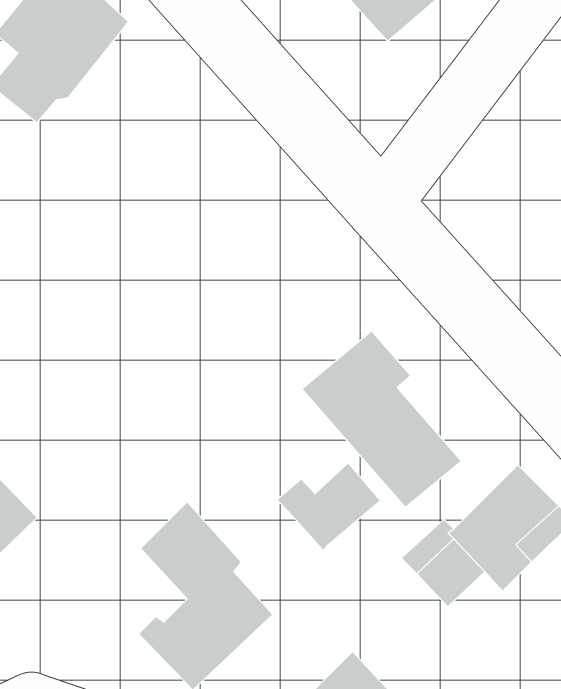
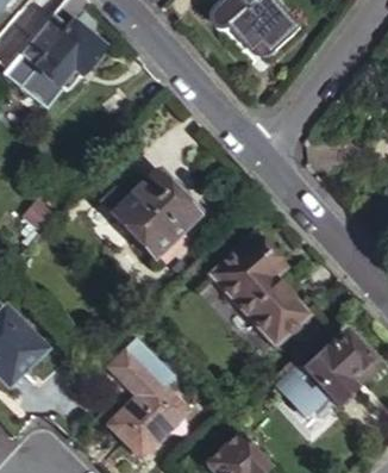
building: none -> [96,169,198,257]
building: [277,463,380,551] -> none

